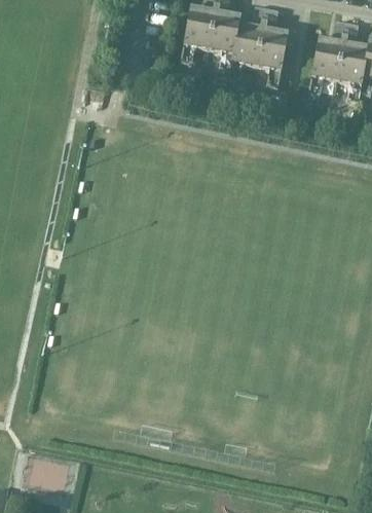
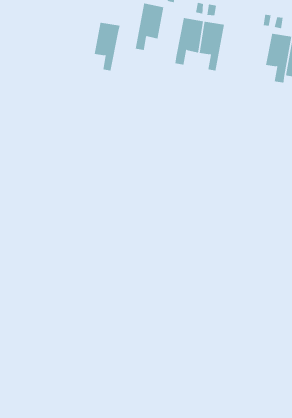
building: [209,11,240,70] -> [94,22,121,71]
building: [308,38,343,95] -> none

